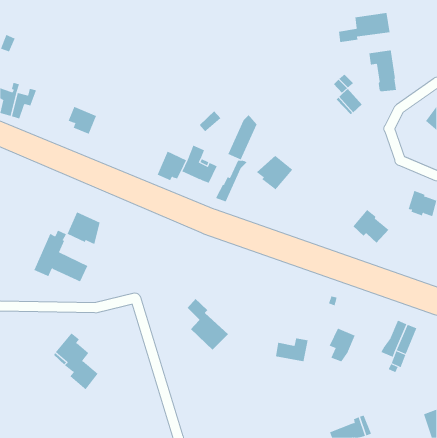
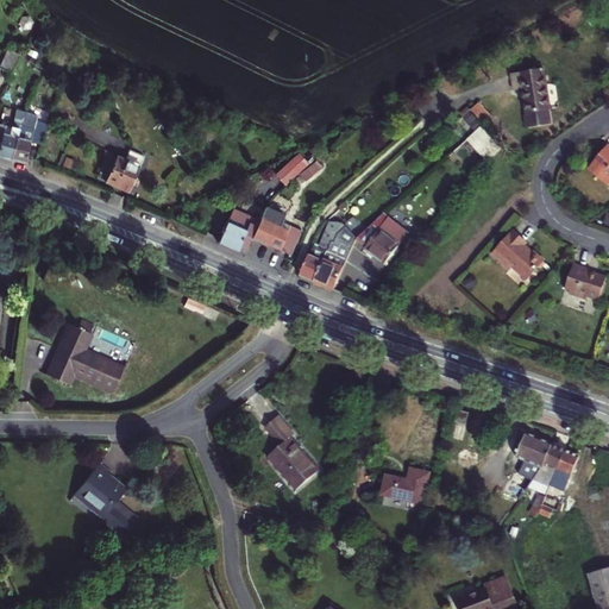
building: [339,12,390,43] -> none
building: [227,114,257,160] -> [314,225,356,289]
building: [352,209,389,243] -> [492,231,544,278]
building: [67,212,100,245] -> none
building: [329,328,355,362] -> [515,433,552,481]

